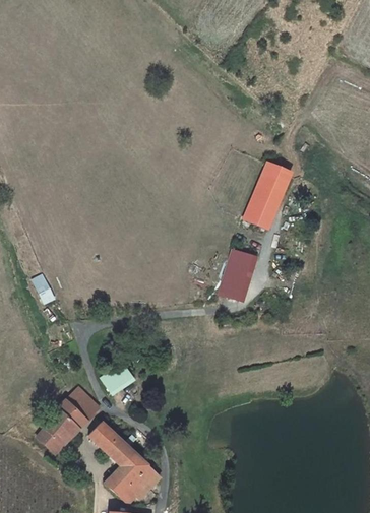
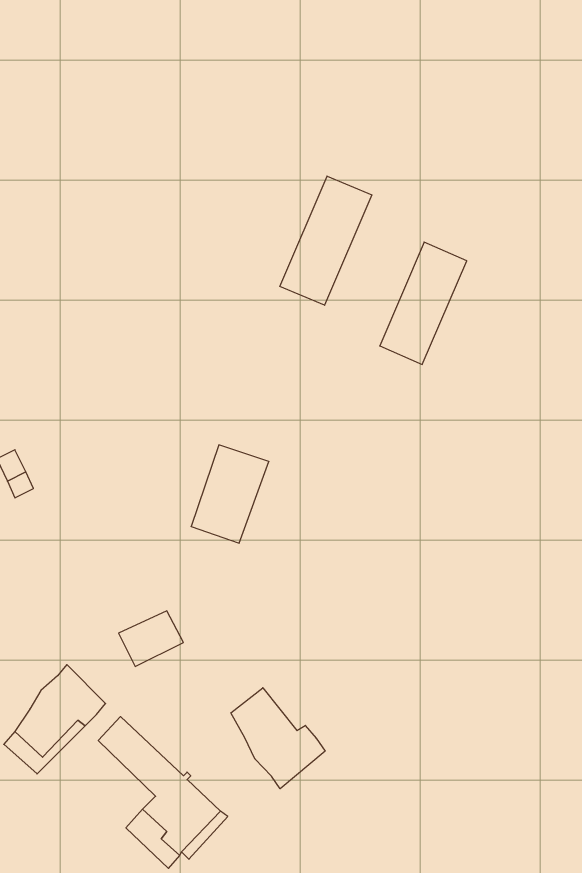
building: none -> [280,176,372,305]
building: [217,247,259,301] -> [191,445,269,543]
building: none -> [231,688,325,789]

